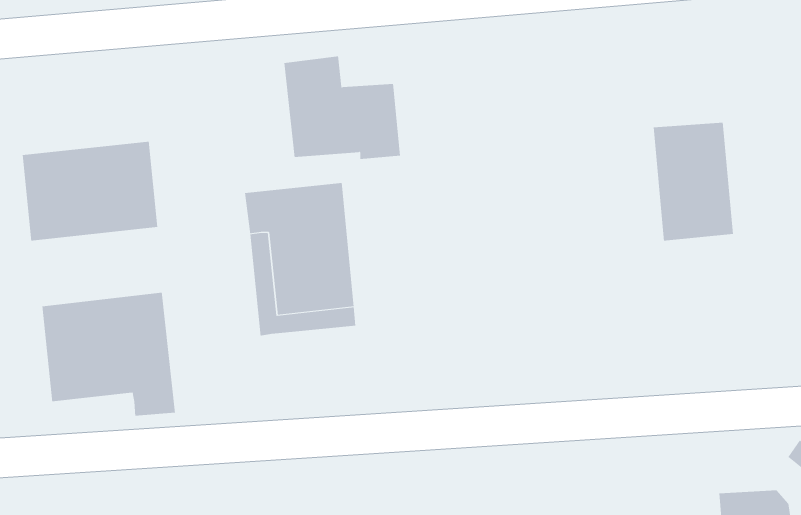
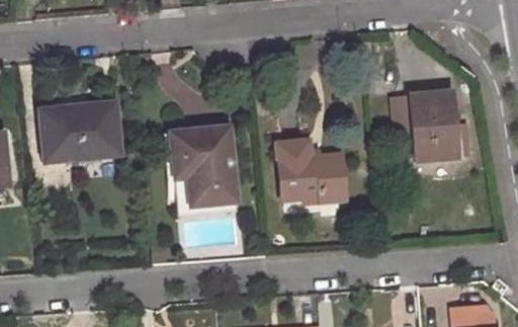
building: [284,56,401,159] -> [277,140,346,200]
building: [42,292,175,417] -> none

